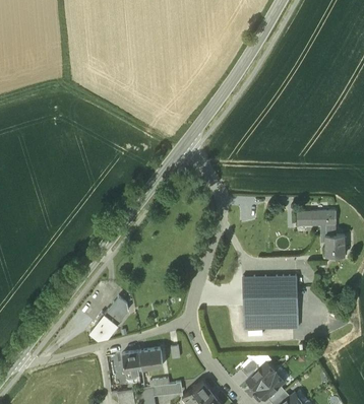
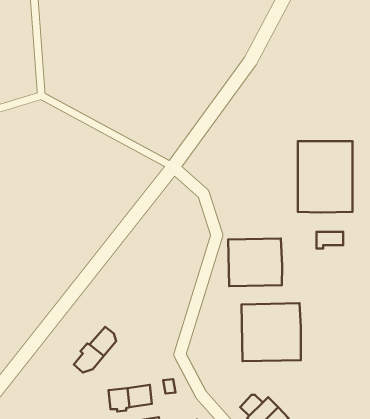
building: none -> [298,141,353,213]
building: none -> [228,238,282,286]
building: [324,225,344,257] -> none

